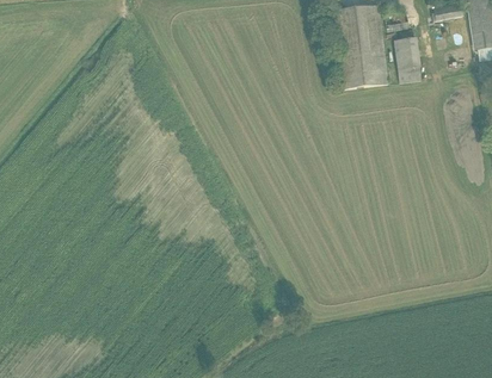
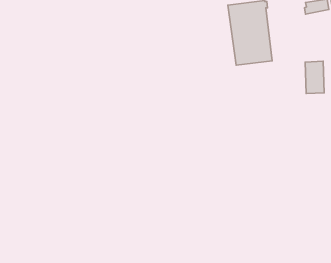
building: [395,38,420,81] -> [305,61,324,94]

